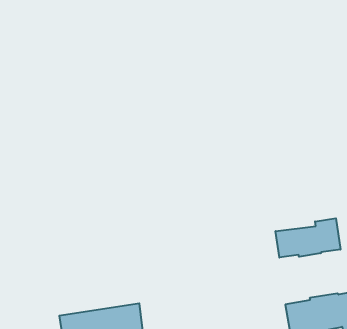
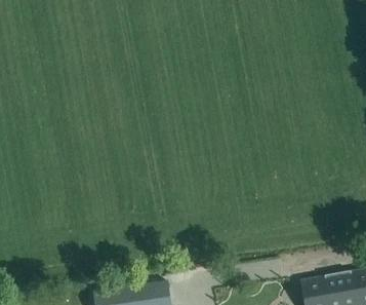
building: [276,218,340,258] -> none

